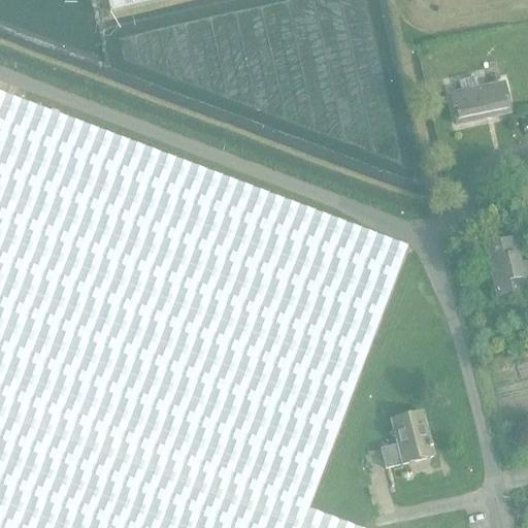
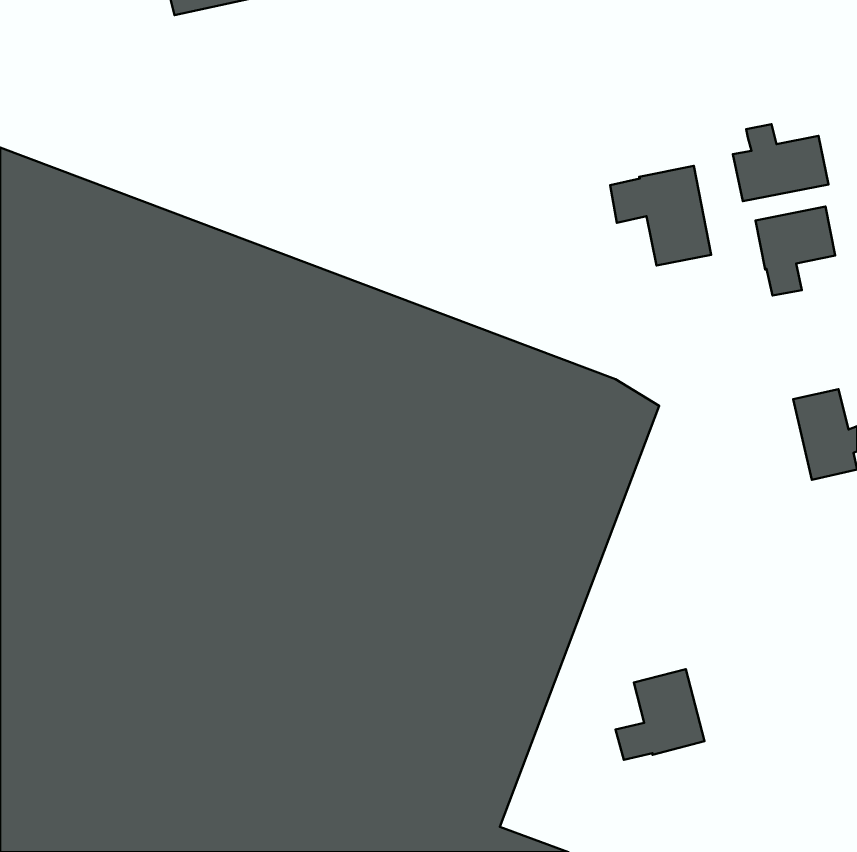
building: none -> [610,166,711,266]
building: none -> [755,207,835,295]

